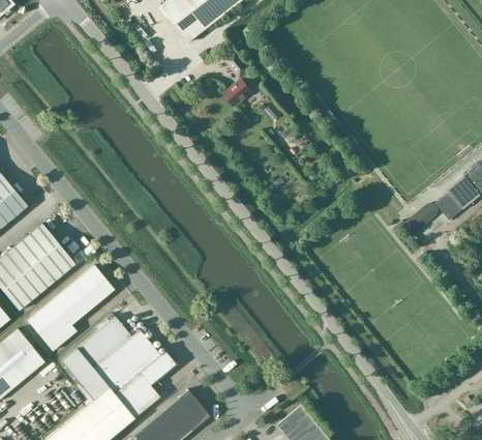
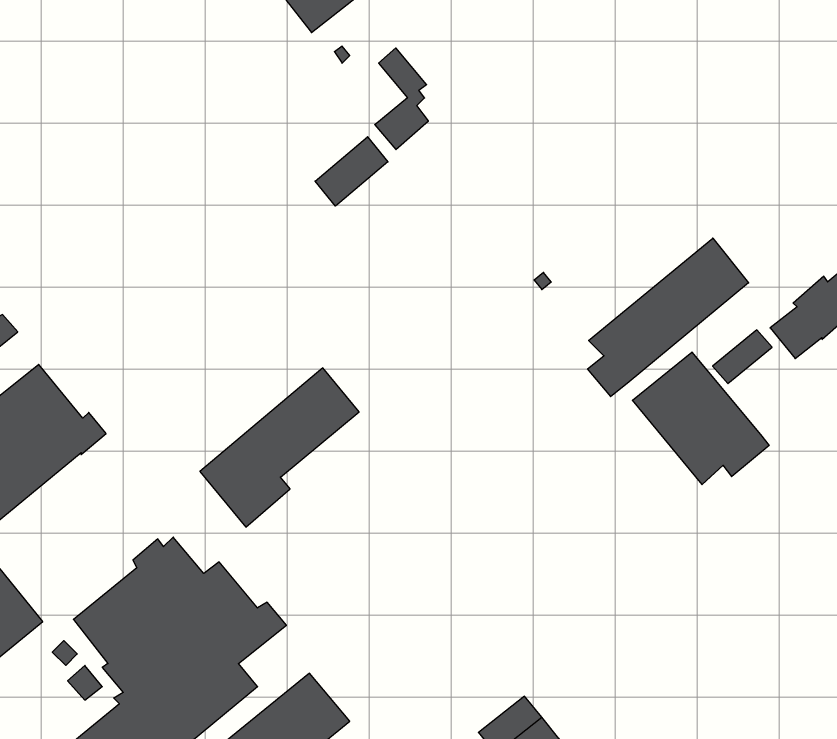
building: none -> [315,137,388,206]
building: none -> [588,238,749,397]
building: none -> [632,352,769,485]
building: [27,265,113,351] -> [200,368,359,527]

